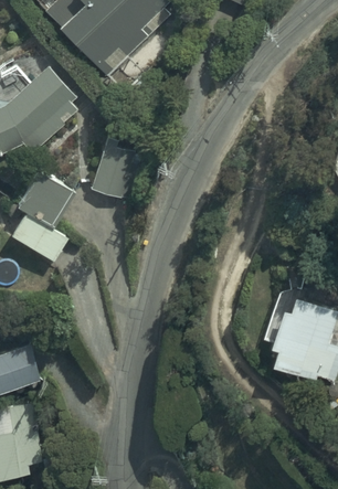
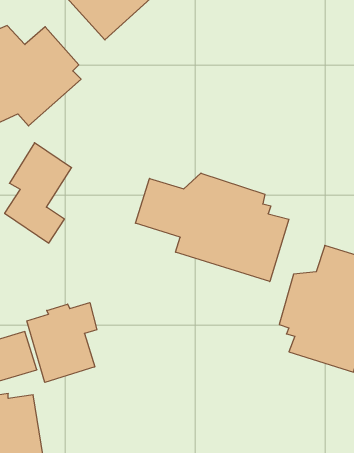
building: [89,139,138,201] -> none
building: none -> [135,173,289,282]
building: none -> [27,303,97,382]

